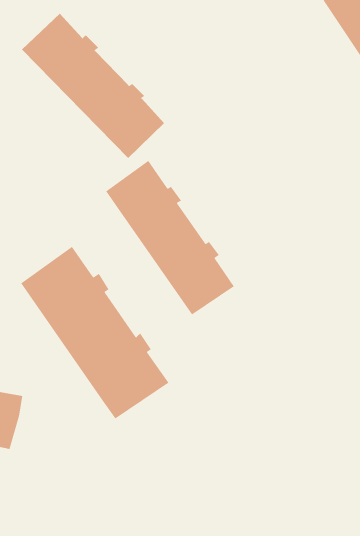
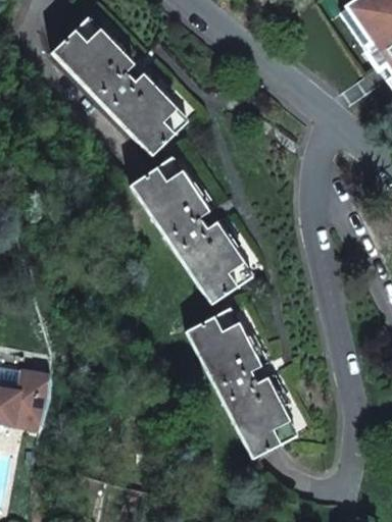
building: [20,246,170,419] -> none
building: none -> [185,307,295,457]

